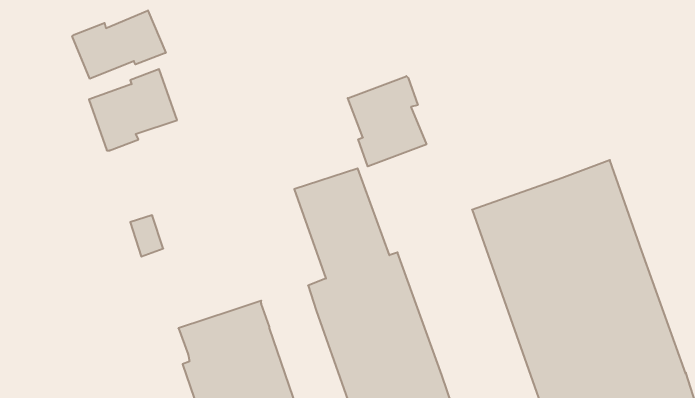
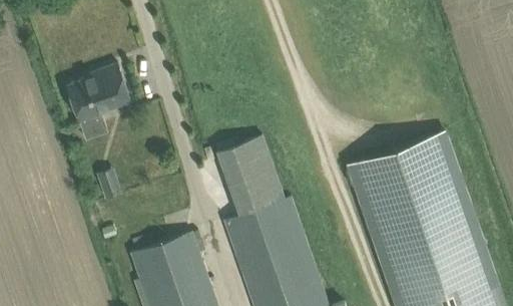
building: [72,10,166,79] -> none
building: [348,76,426,166] -> none

